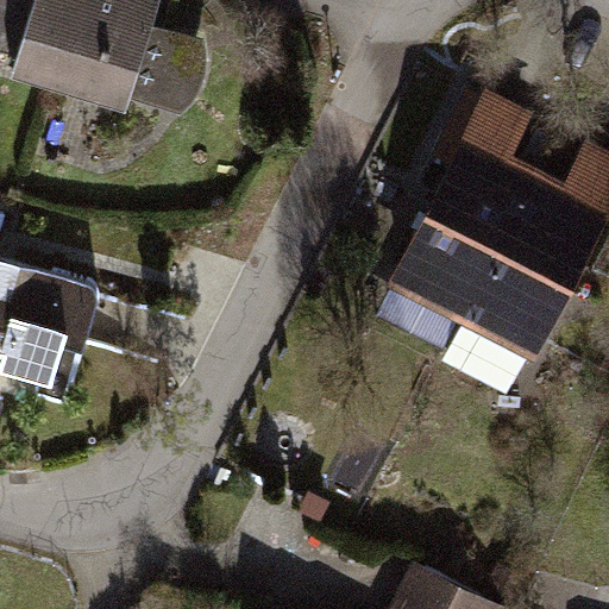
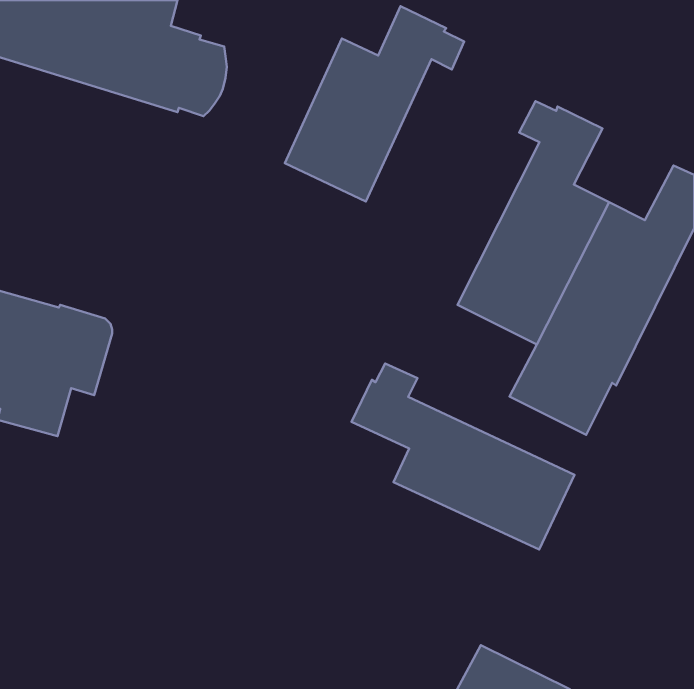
building: none -> [285,6,464,201]
building: none -> [352,363,574,550]

